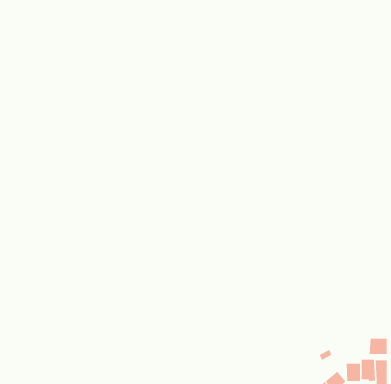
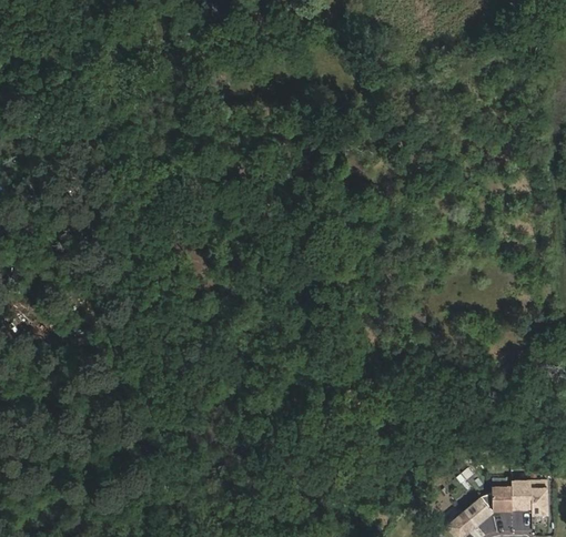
building: [369,338,387,355] -> none

